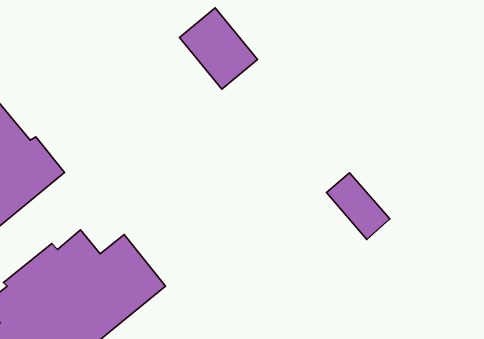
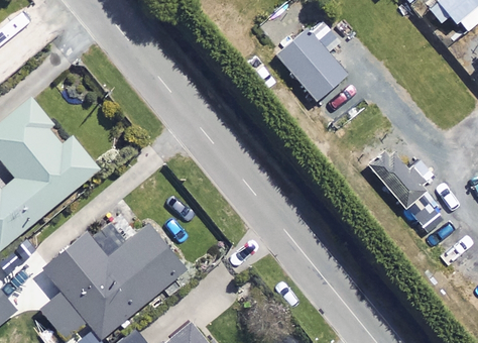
building: [179,8,258,89] -> [278,30,347,102]
building: [327,173,390,240] -> [369,151,425,210]

